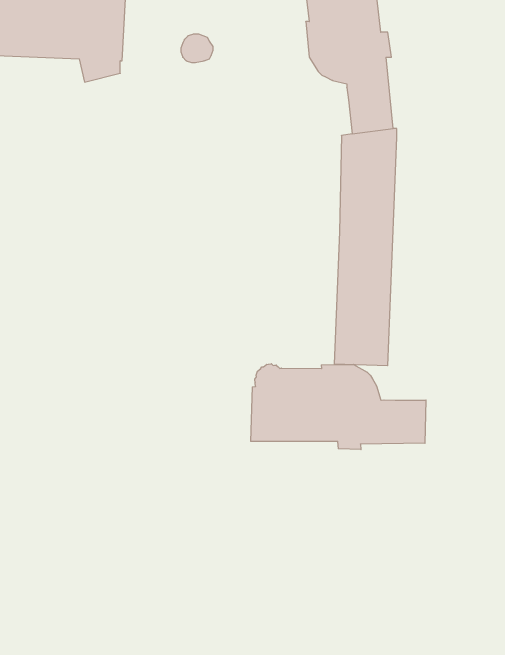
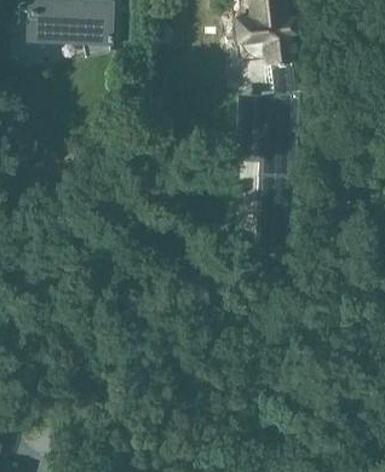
building: [251,364,426,450] -> none

